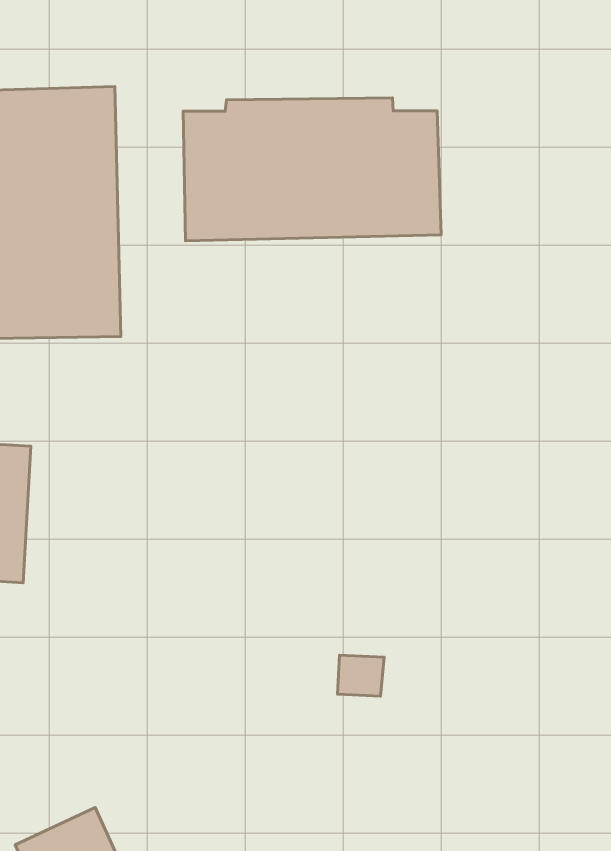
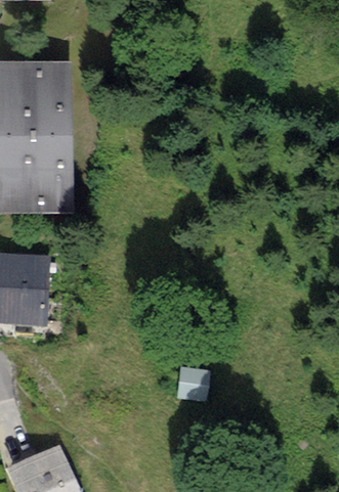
building: [183,98,441,241] -> none
building: none -> [16,255,42,327]

